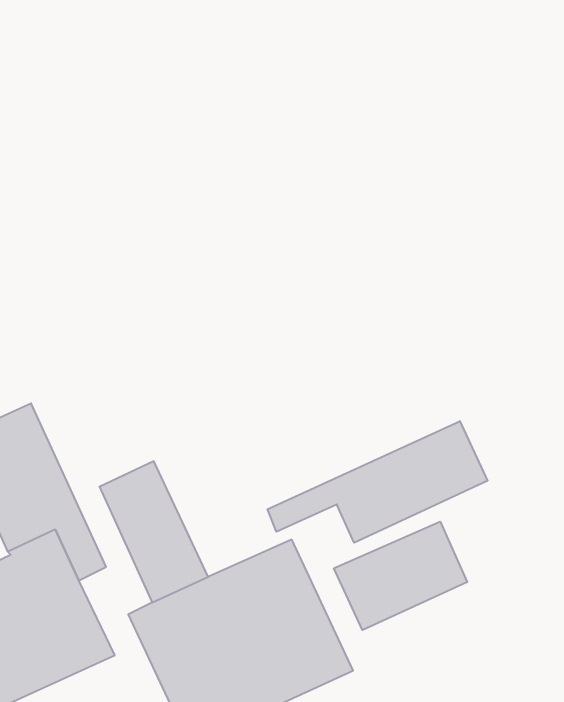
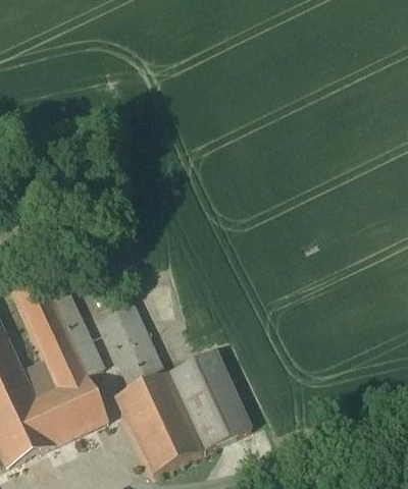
building: [268,421,488,543] -> none
building: [334,522,467,630] -> none

